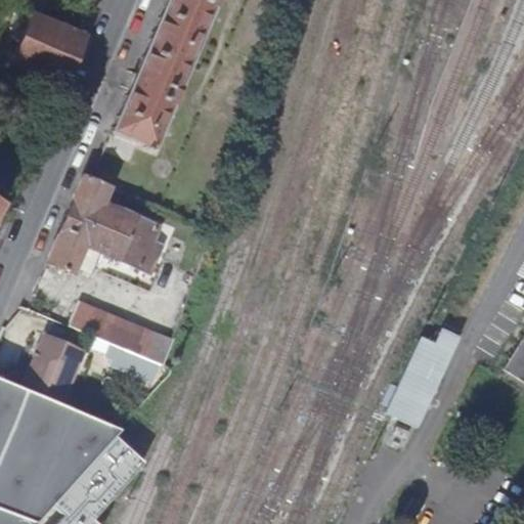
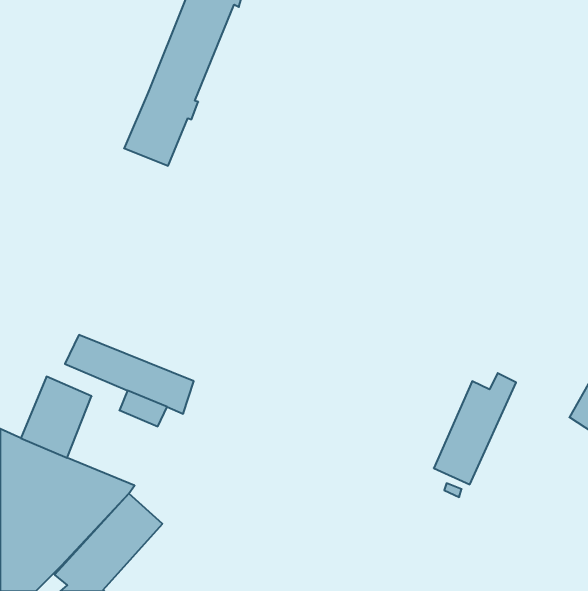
building: [13,13,86,82] -> none
building: [48,175,160,274] -> none

